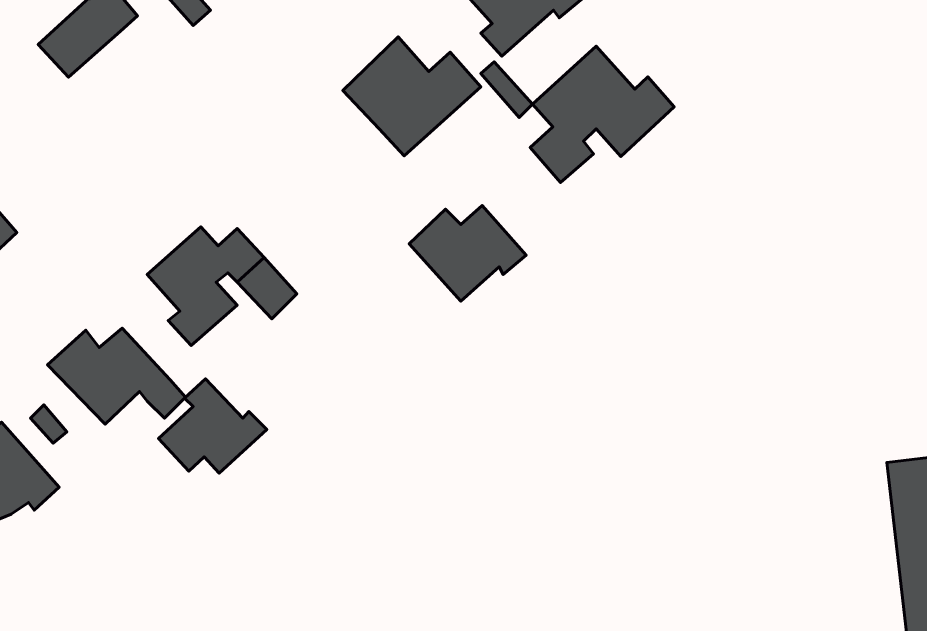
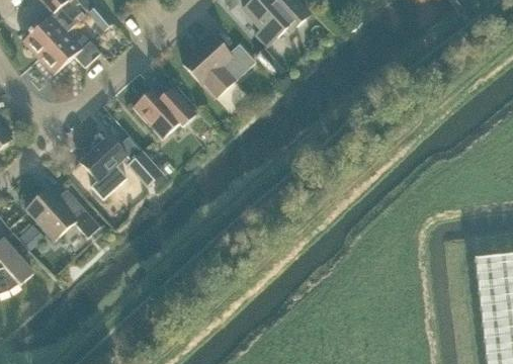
building: none -> [38,31,100,72]
building: [530,46,674,183] -> none
building: [409,205,526,301] -> [135,87,196,138]
building: [159,379,267,473] -> none

